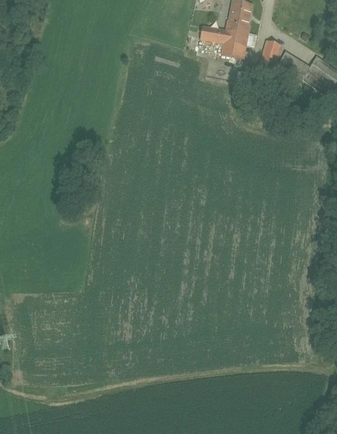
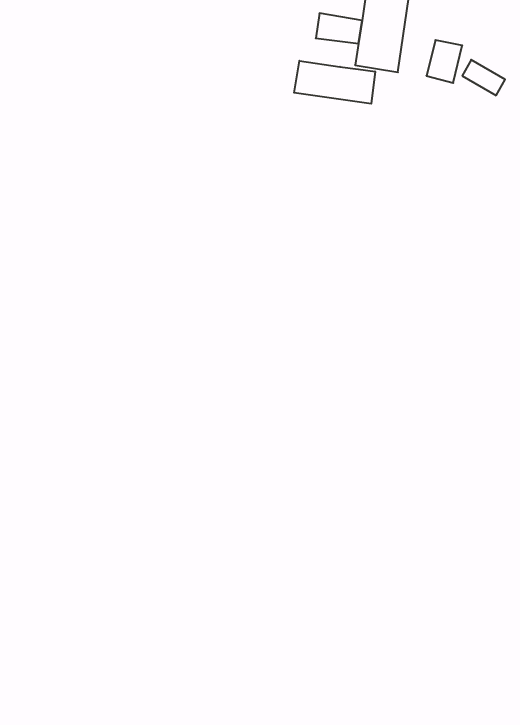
building: none -> [294,61,375,104]

